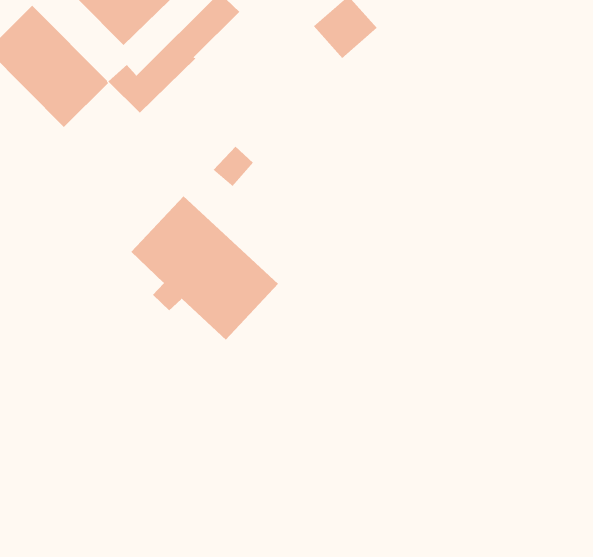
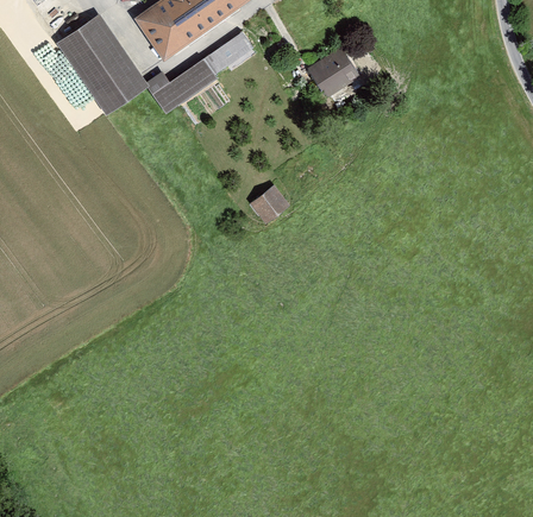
building: [213,146,254,187] -> [257,187,289,217]
building: [130,195,279,340] -> none

